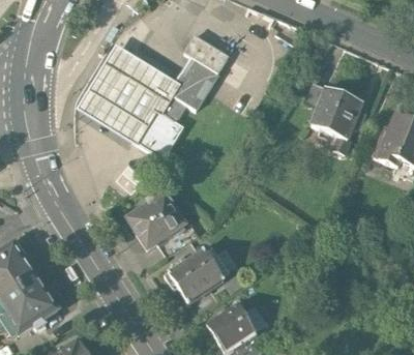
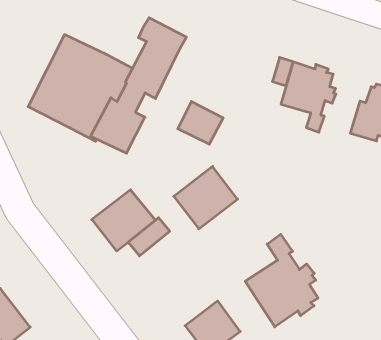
building: none -> [178,101,223,144]
building: none -> [245,234,318,327]
building: [167,247,226,304] -> [174,166,238,229]

